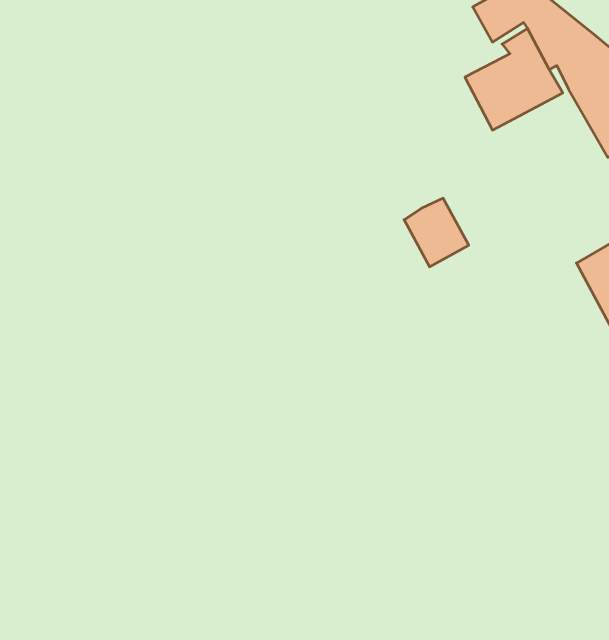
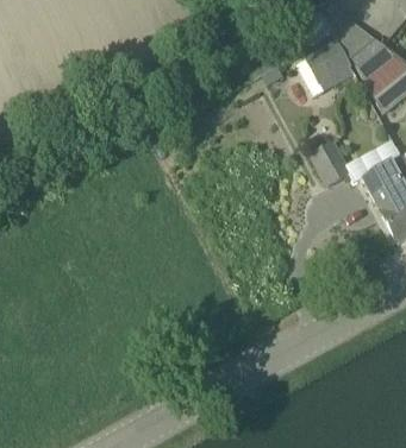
building: [404,198,469,267] -> [310,140,349,182]

